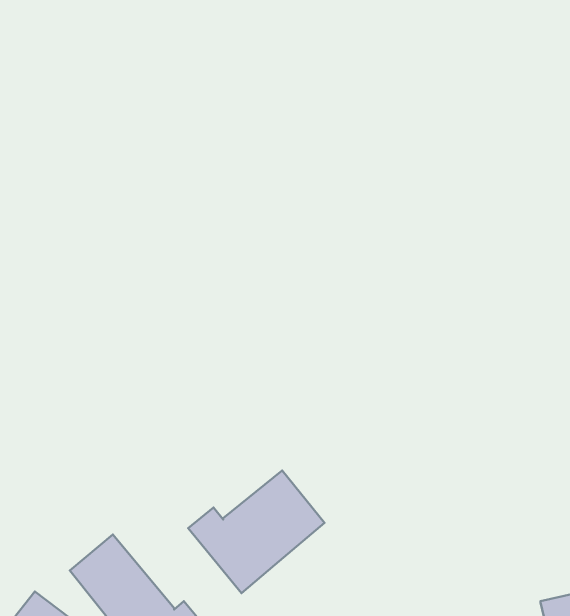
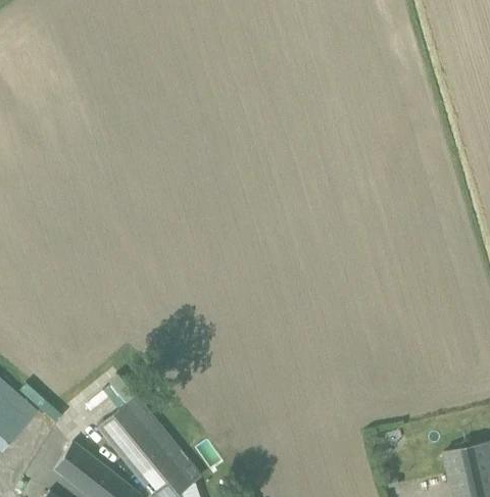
building: [188,470,325,593] -> none

